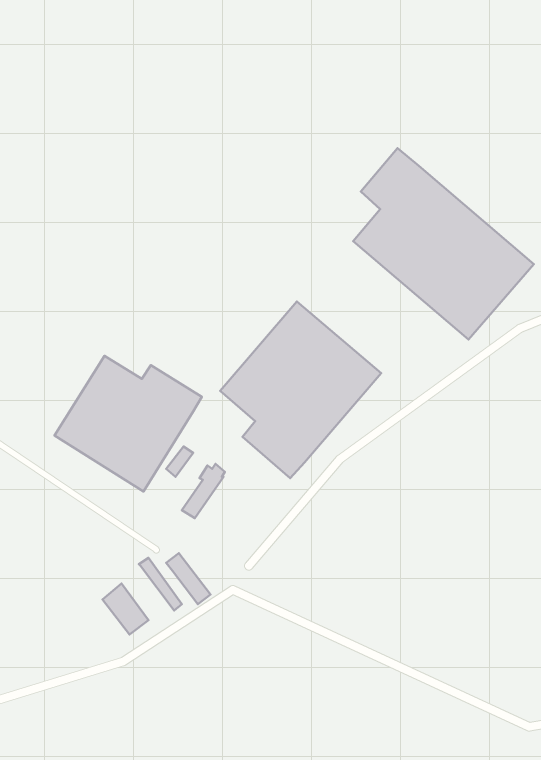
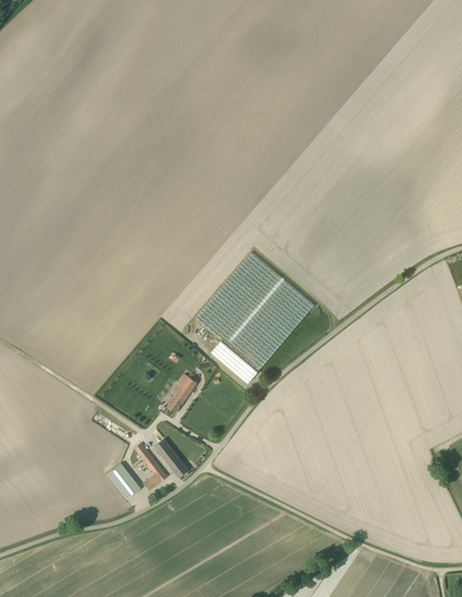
building: [353,148,534,340] -> none
building: [55,356,202,491] -> none

